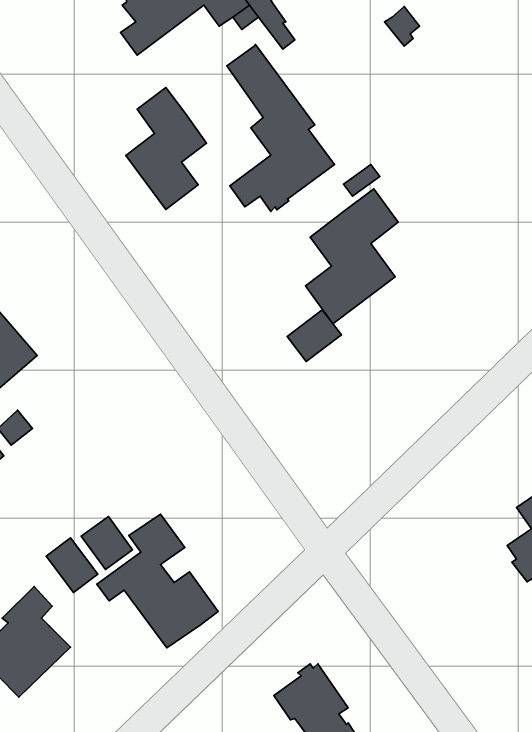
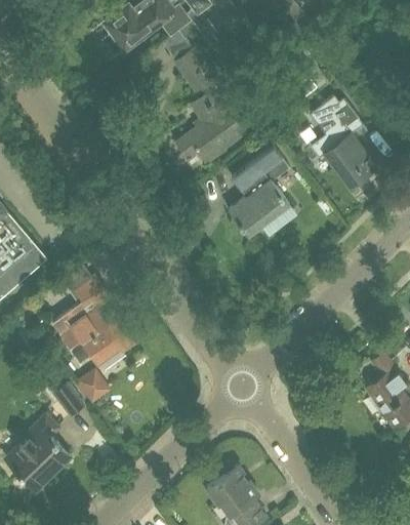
building: [126,87,207,210] -> none
building: none -> [310,96,376,189]
building: [287,310,341,362] -> none
building: [97,514,218,648] -> [52,277,134,367]

